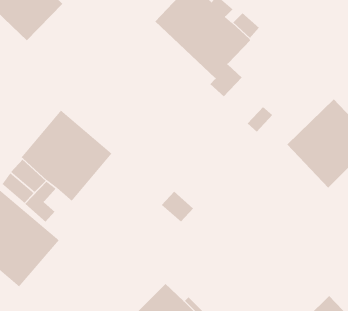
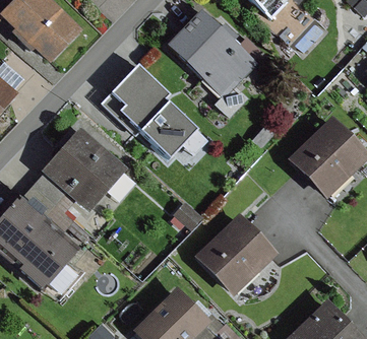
building: none -> [112,66,195,157]
building: none -> [194,214,278,296]

